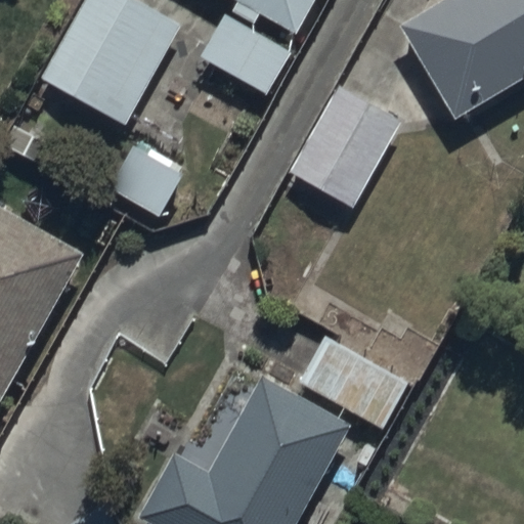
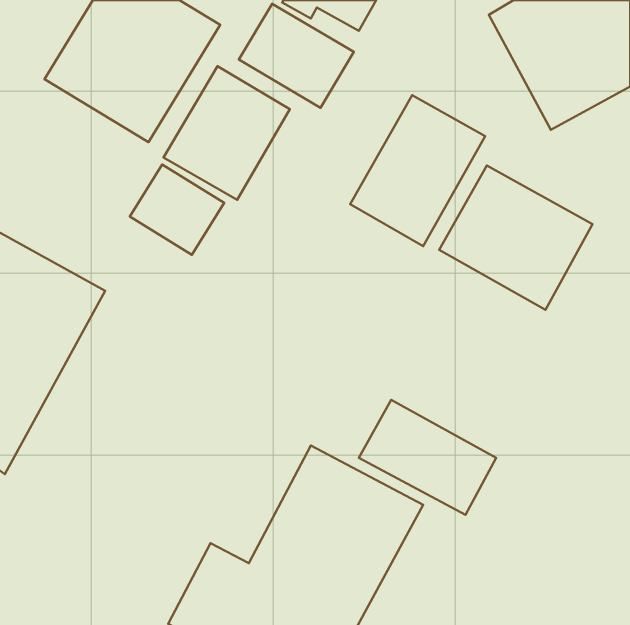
building: none -> [164,66,290,200]
building: none -> [439,165,593,310]

